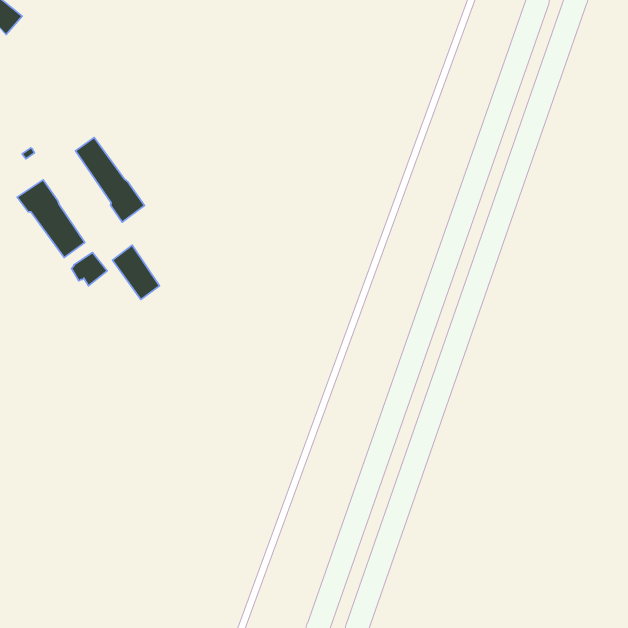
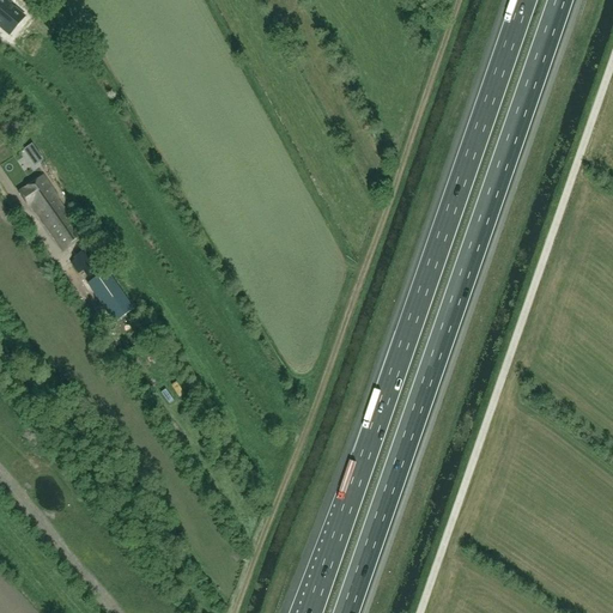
building: [75,137,144,222] -> none
building: [113,245,159,299] -> [86,268,132,321]

